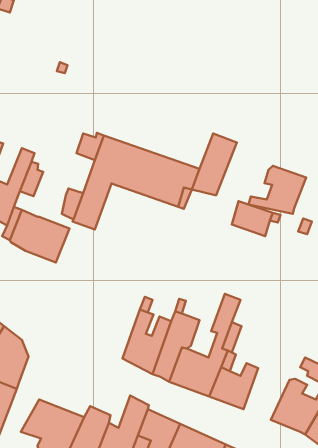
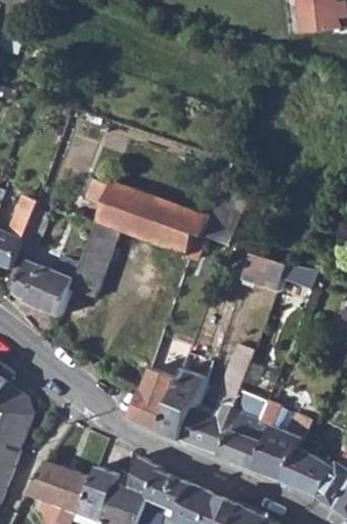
building: [249,166,306,214] -> none
building: none -> [256,397,314,480]

